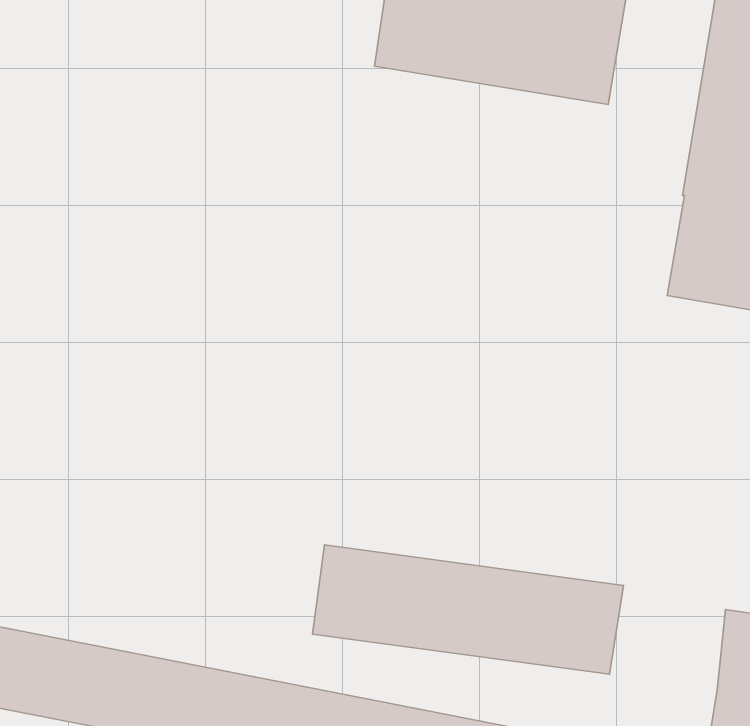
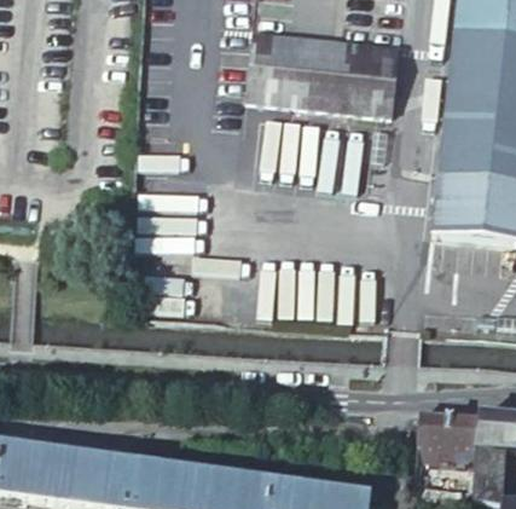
building: [313,545,624,674] -> none
building: none -> [417,407,479,463]

